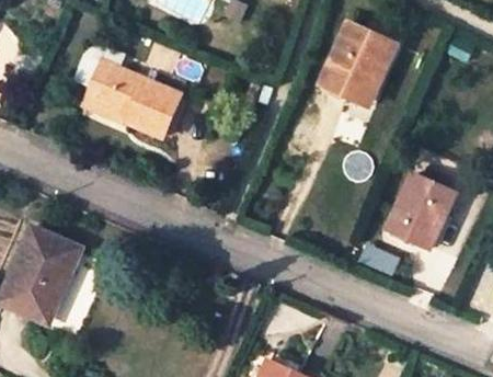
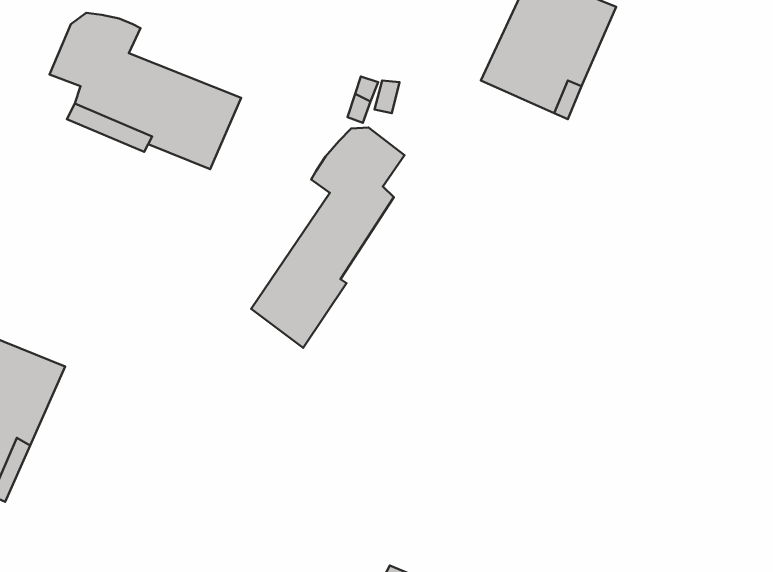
building: none -> [251,128,405,348]
building: [386,174,454,248] -> none

